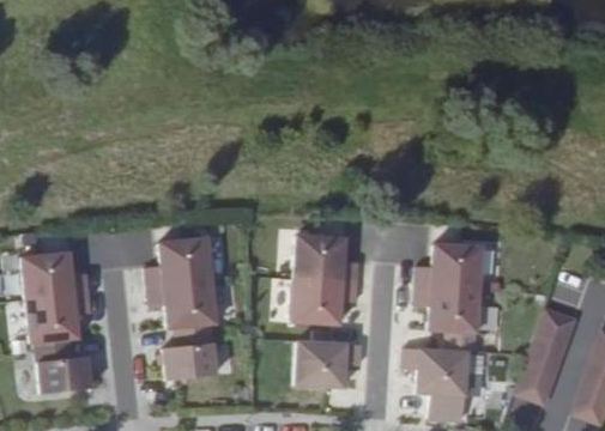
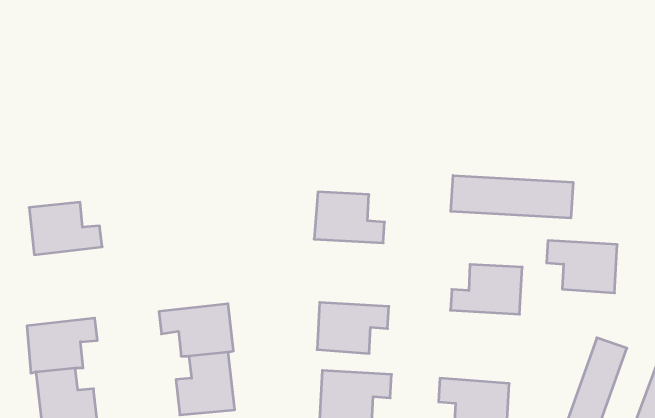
building: none -> [451,175,573,218]
building: [296,236,361,283] -> [314,192,385,243]
building: [147,237,212,287] -> none
building: [23,253,90,301] -> [29,202,102,255]
building: [415,286,479,334] -> [547,241,617,293]

